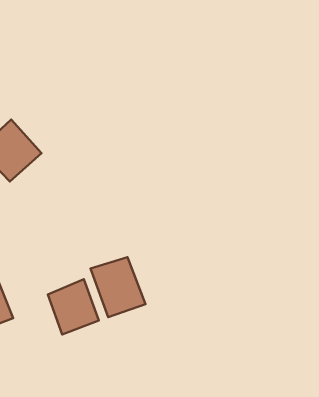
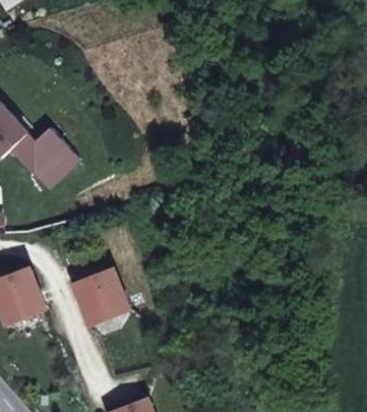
building: [90,257,145,317] -> none

